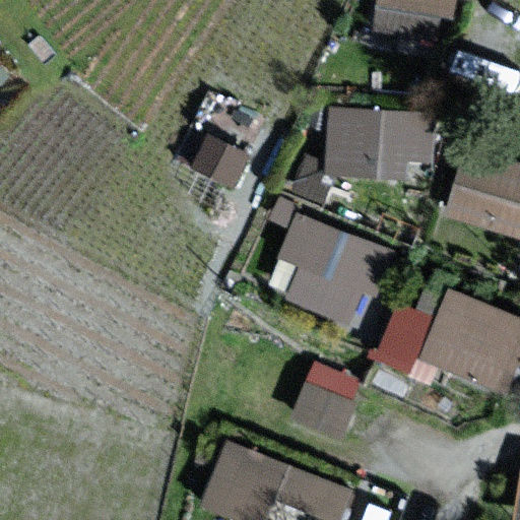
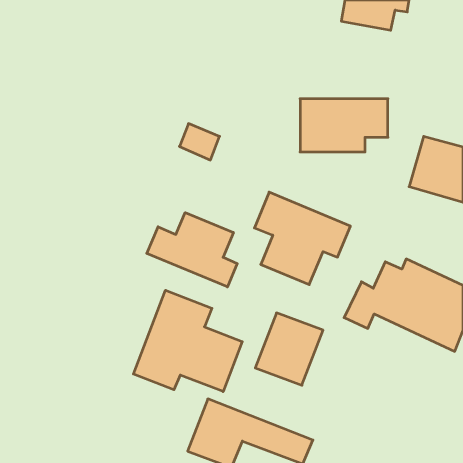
building: none -> [147,213,237,287]
building: none -> [133,290,242,392]

